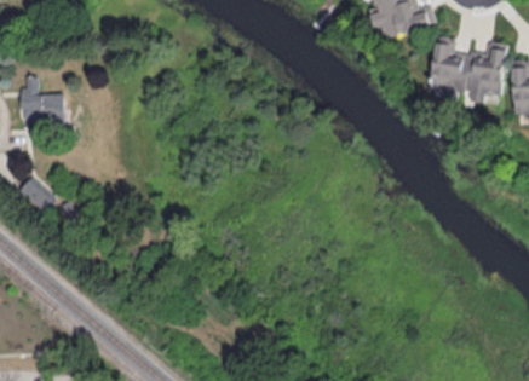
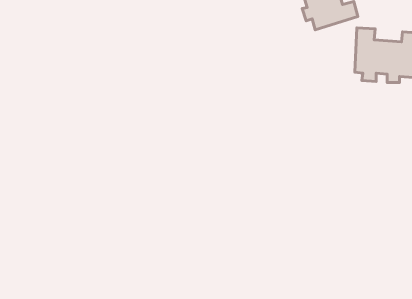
building: [19,76,64,121] -> none
building: [17,175,56,210] -> none

